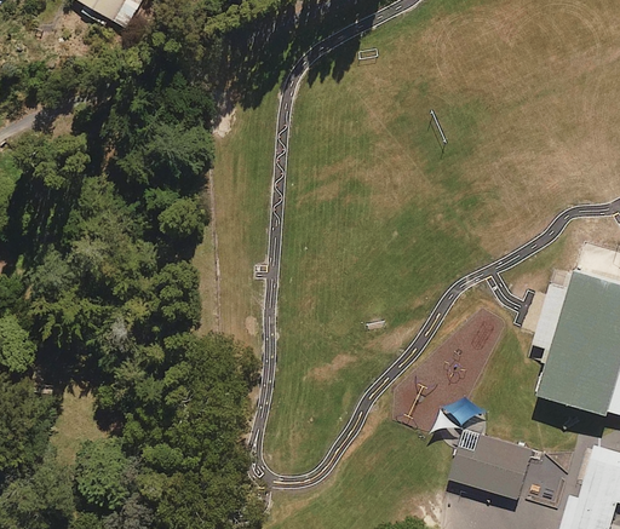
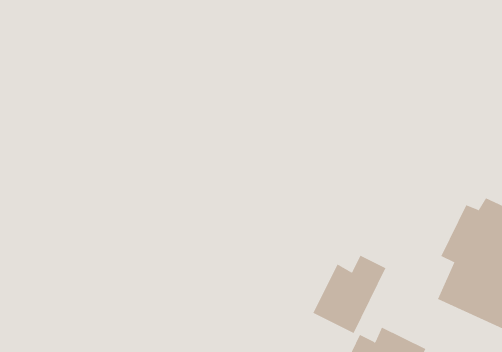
building: none -> [313,255,386,334]

